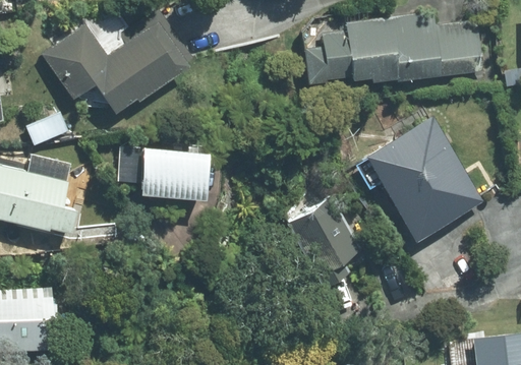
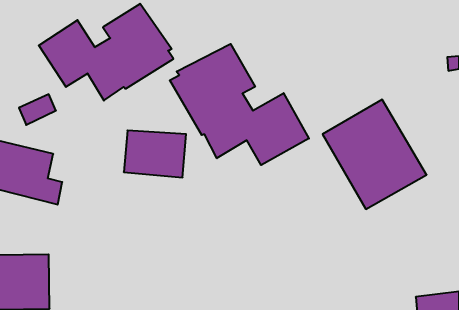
building: [304,14,479,85] -> none
building: none -> [170,44,309,165]
building: [285,195,361,293] -> none

